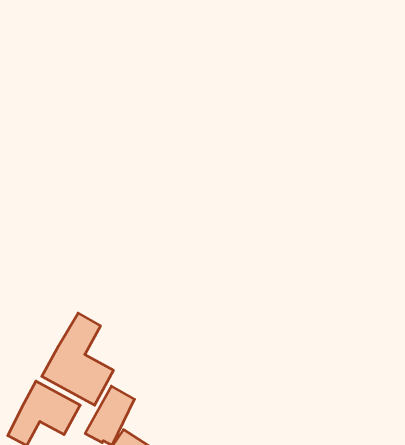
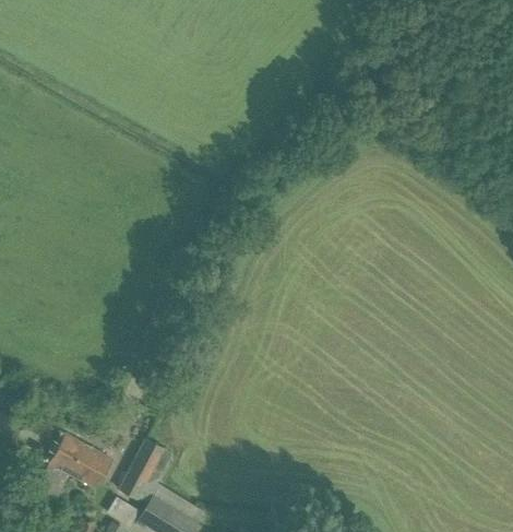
building: [42,313,113,405] -> none

